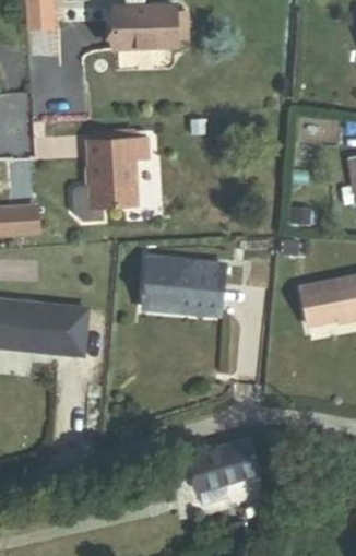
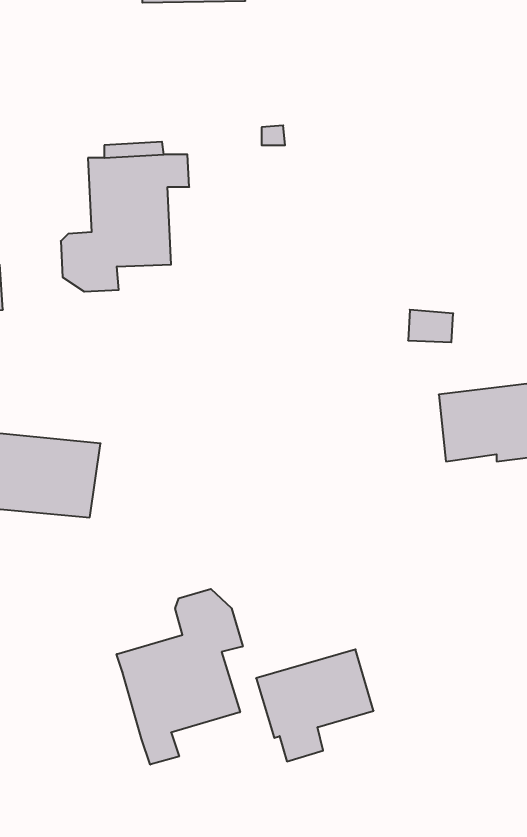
building: [151,261,229,316] -> none
building: none -> [117,589,243,765]

